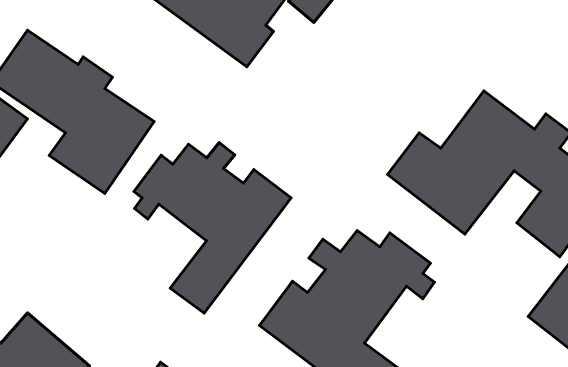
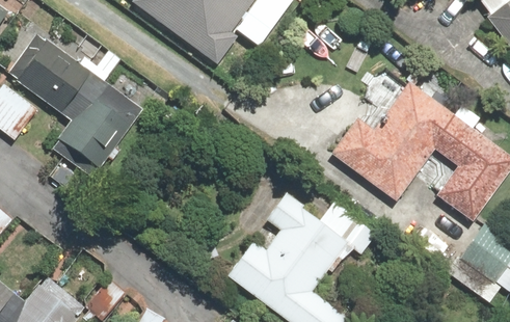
building: [134,142,291,313] -> none

